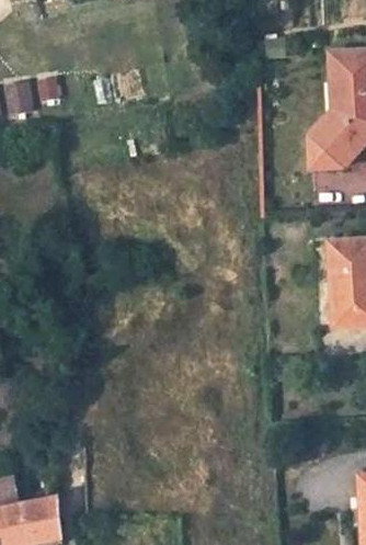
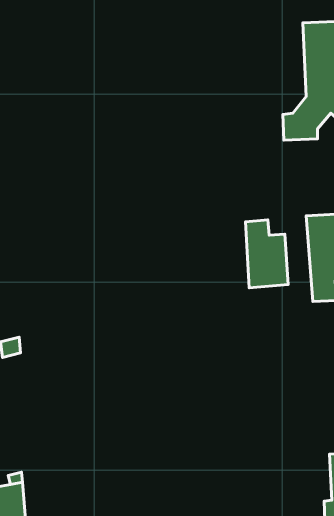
building: none -> [246,220,288,288]

